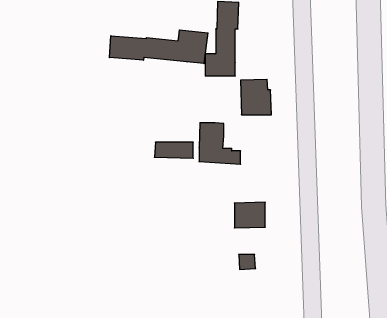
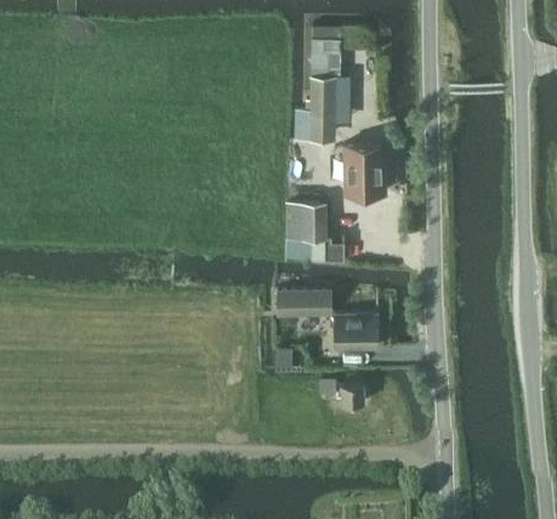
building: [109,30,208,64] -> none
building: [154,142,193,158] -> [279,291,333,313]

